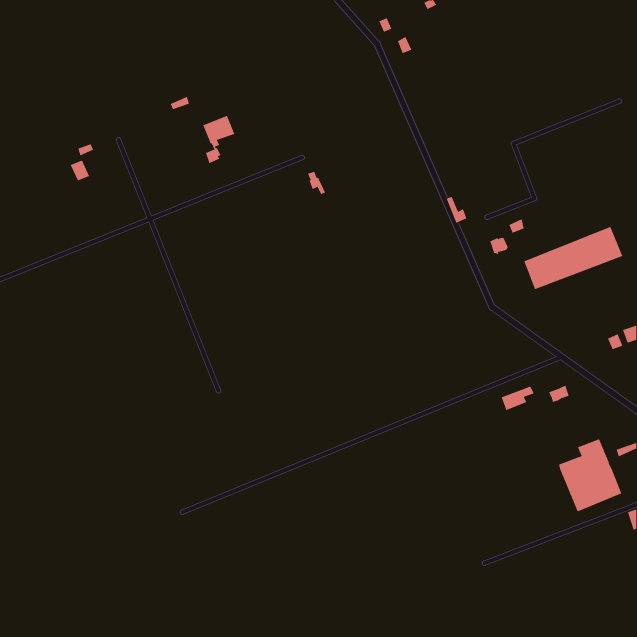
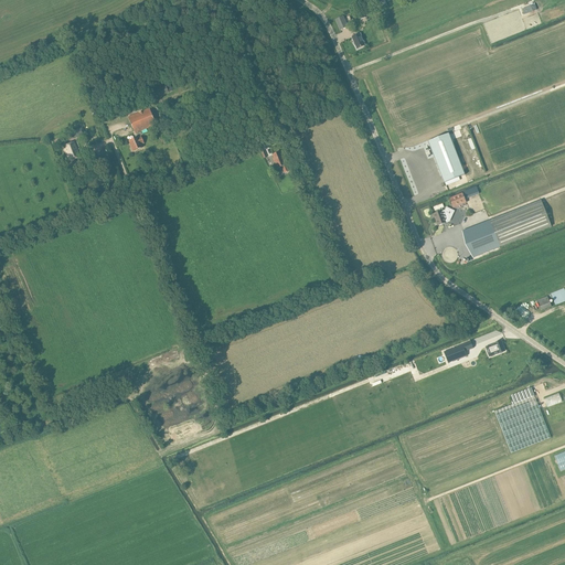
building: [203,115,235,164] -> [127,107,156,150]
building: none -> [426,132,463,182]

